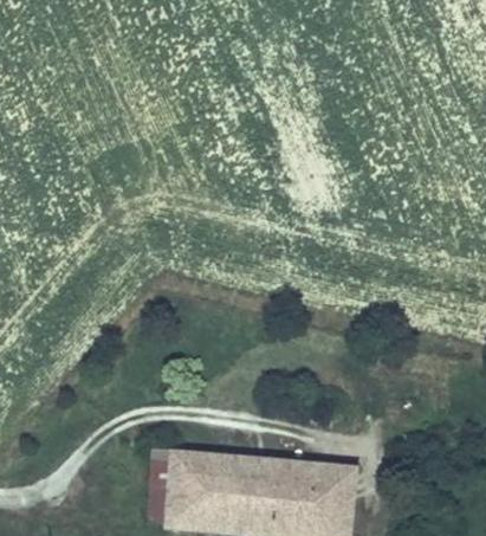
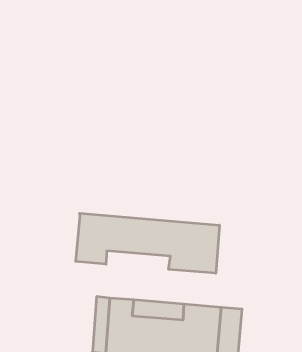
building: none -> [76,213,219,273]

